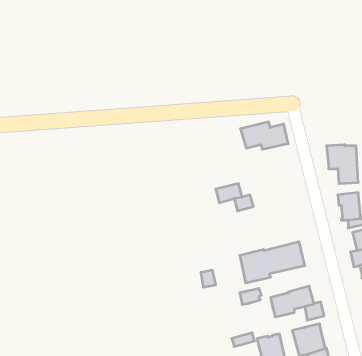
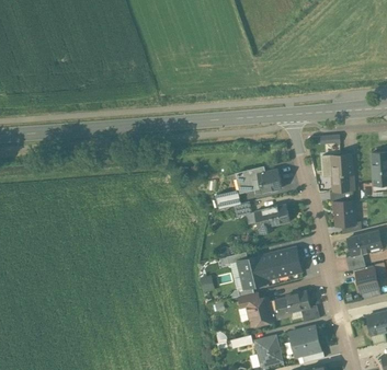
building: [240,122,288,149] -> [235,167,281,194]
building: none -> [254,205,288,233]
building: none -> [247,298,273,326]

